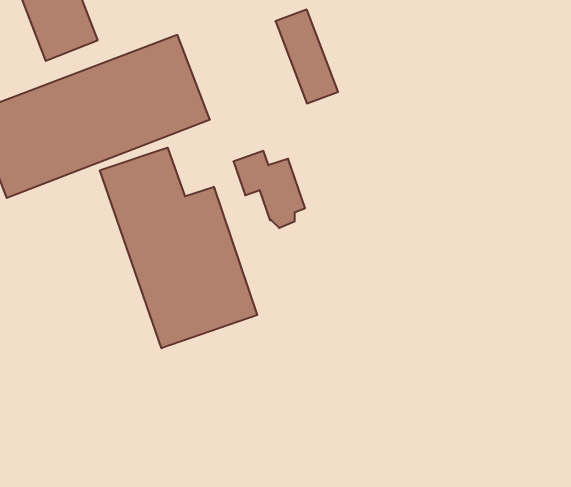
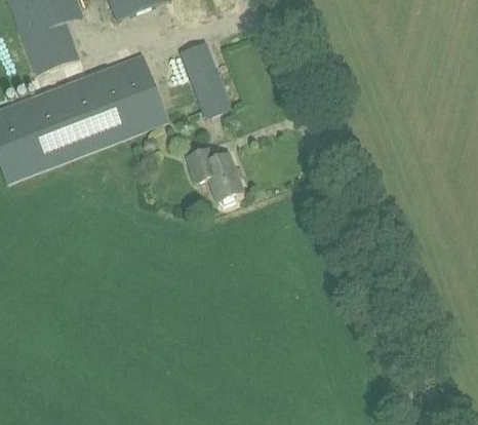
building: [275,10,338,103] -> [181,43,230,117]
building: [100,148,257,348] -> none

